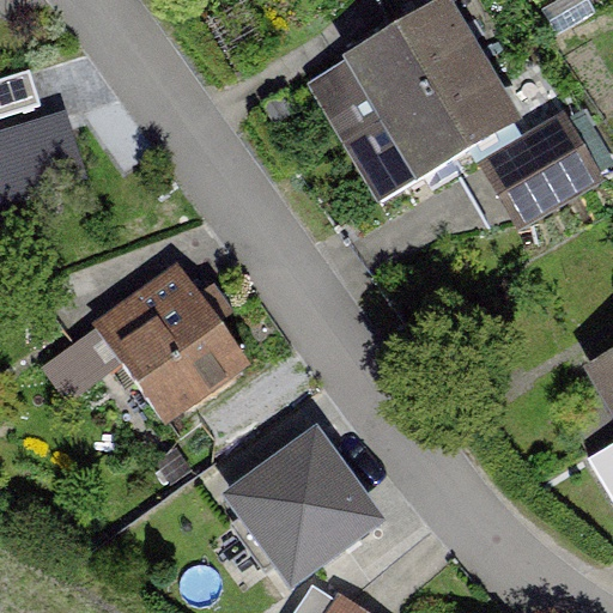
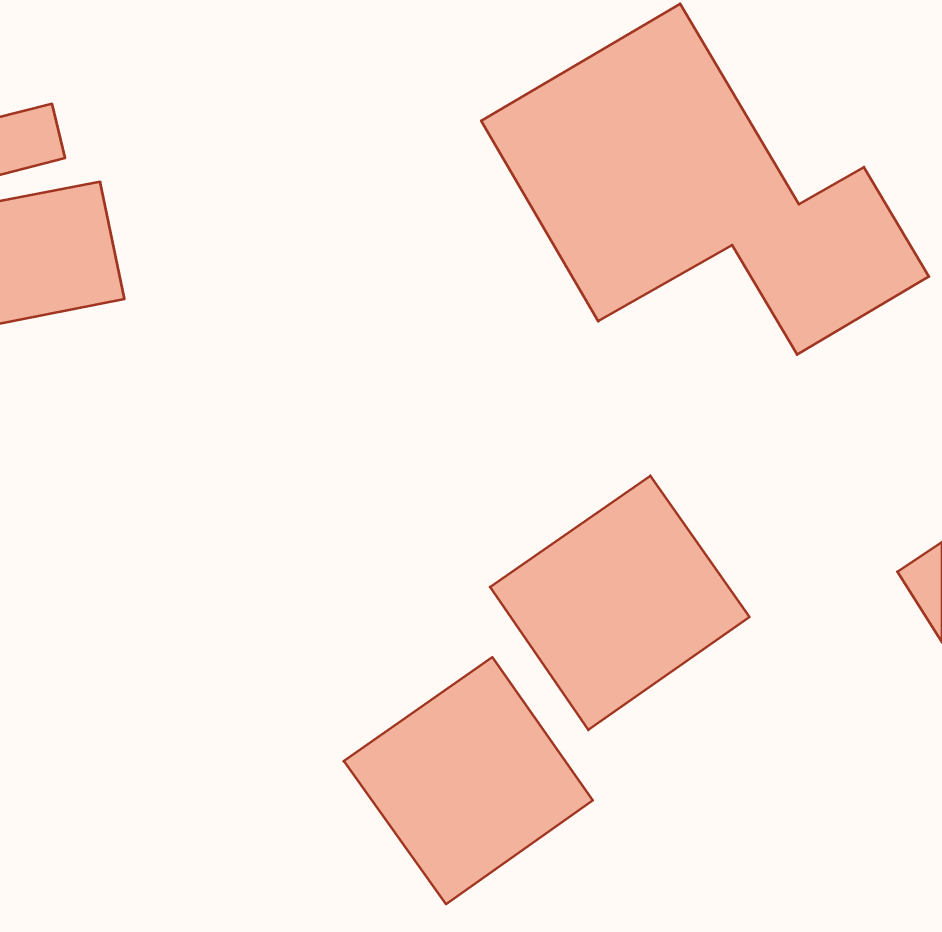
building: [92,259,253,424] -> none
building: none -> [490,476,749,730]

